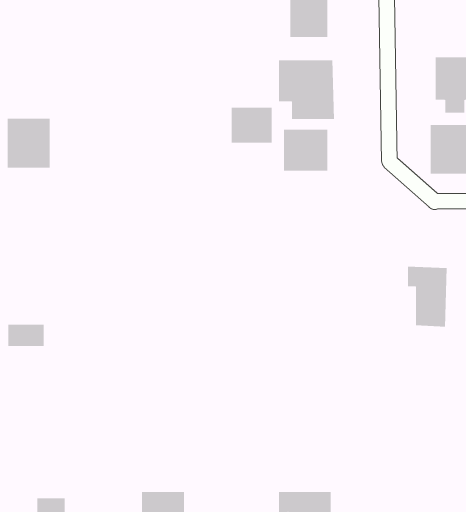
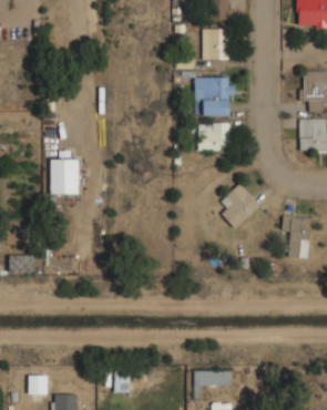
building: [231,107,272,144] -> none
building: [7,118,50,168] -> [50,160,80,194]
building: none -> [222,182,262,229]

